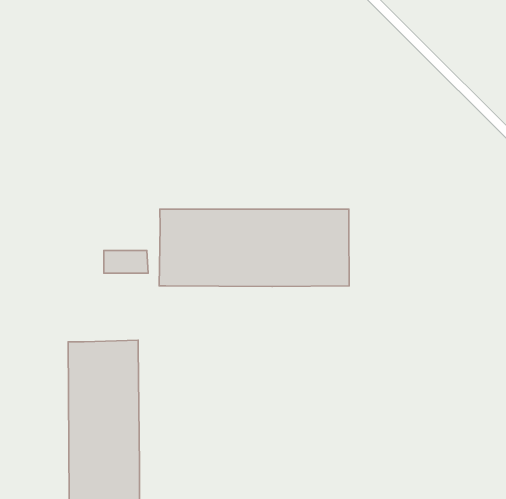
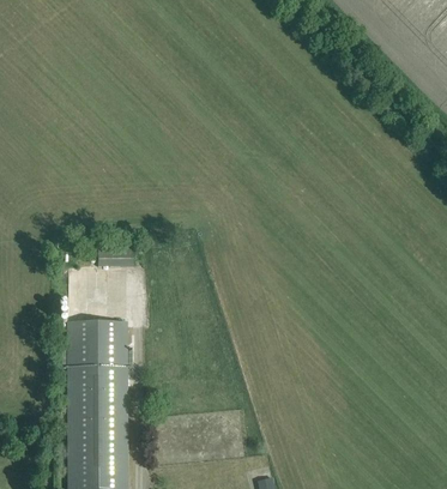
building: [159,209,349,286] -> none

